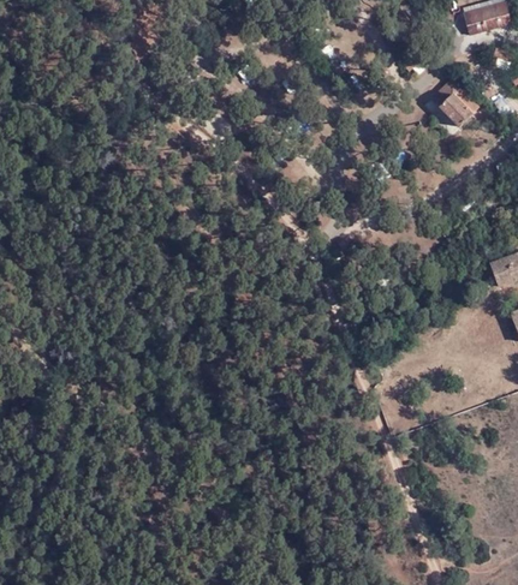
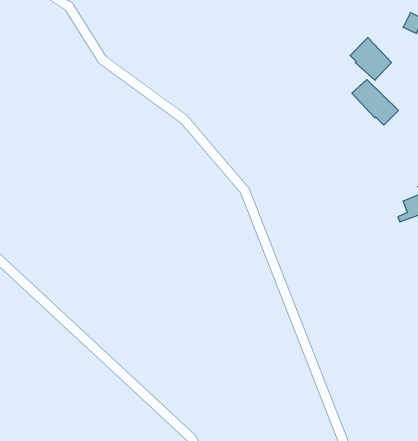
building: none -> [352,80,398,125]

